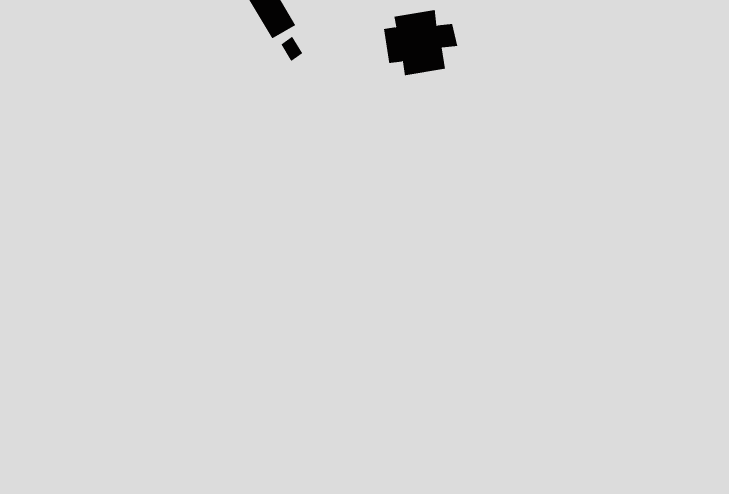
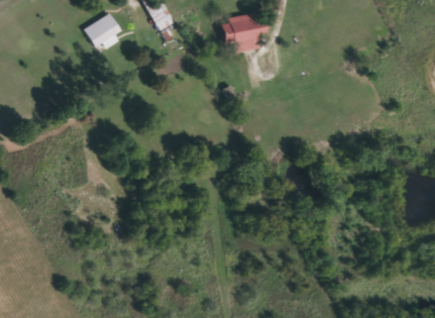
building: none -> [84,13,120,46]

